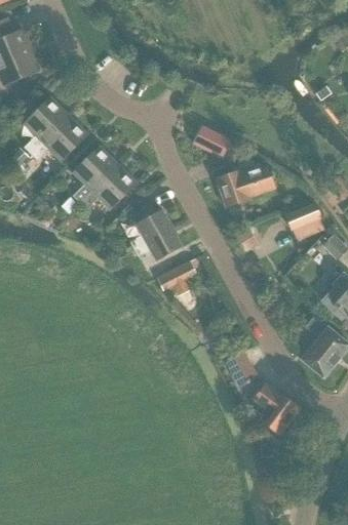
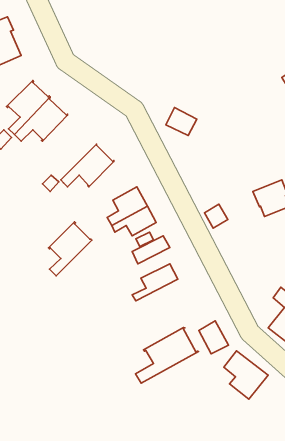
building: [73,145,119,202] -> [48,222,92,276]
building: [216,161,275,209] -> none
building: none -> [132,264,178,301]
building: none -> [136,328,199,383]

